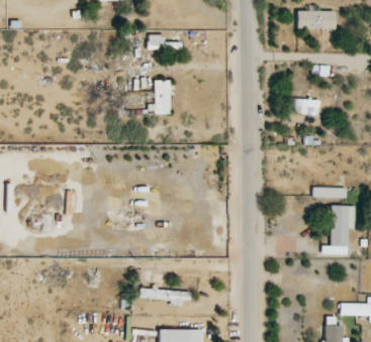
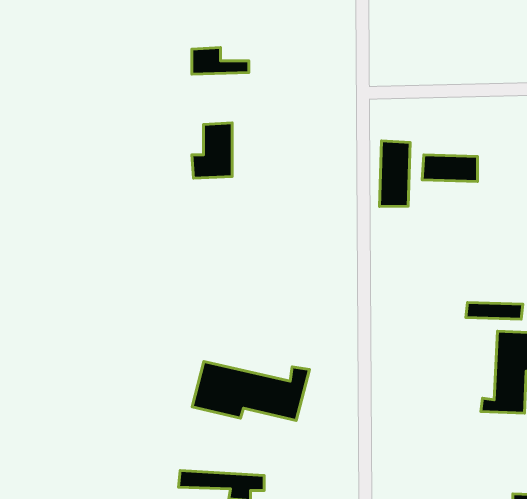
building: [297,10,336,29] -> none
building: none -> [379,141,410,206]
building: none -> [192,362,310,421]

